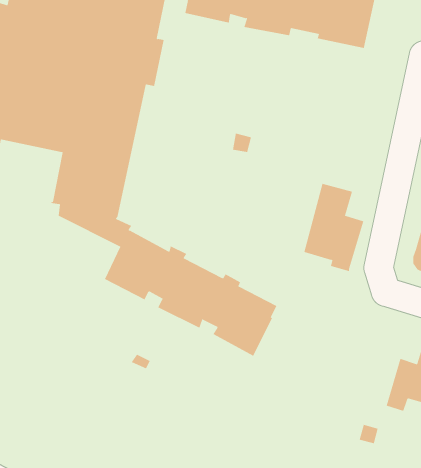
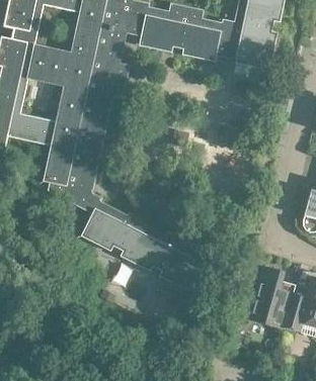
building: [303,183,364,272] -> [250,265,294,328]

